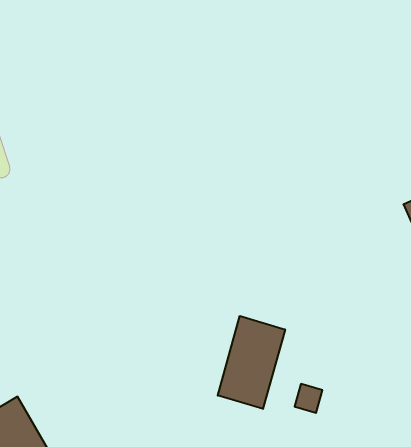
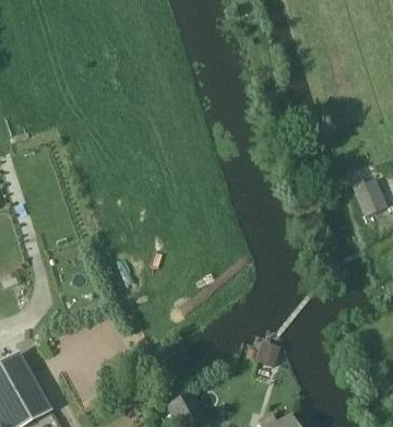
building: [218,316,285,409] -> none

